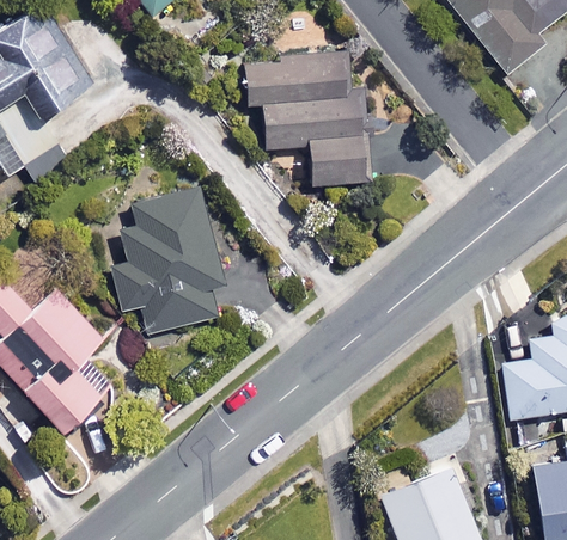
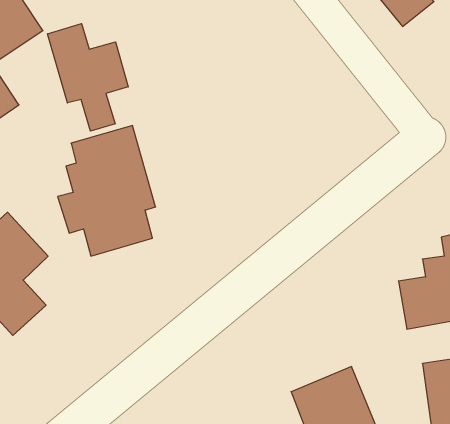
building: [243,50,373,188] -> none
building: none -> [48,24,128,131]

